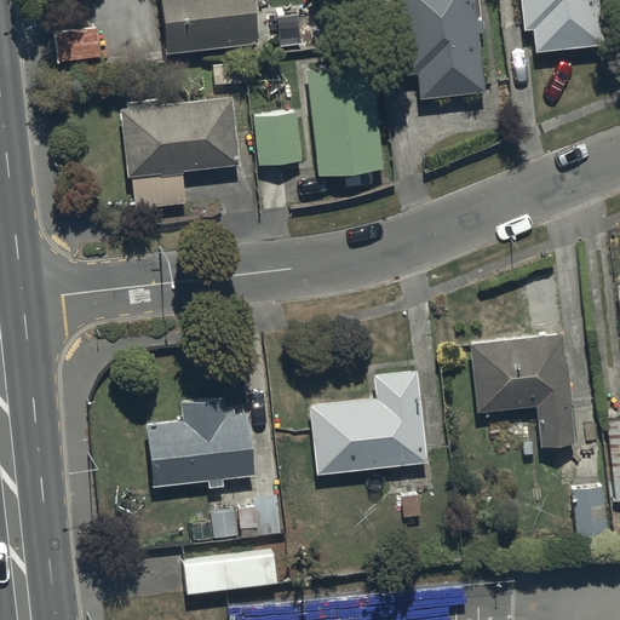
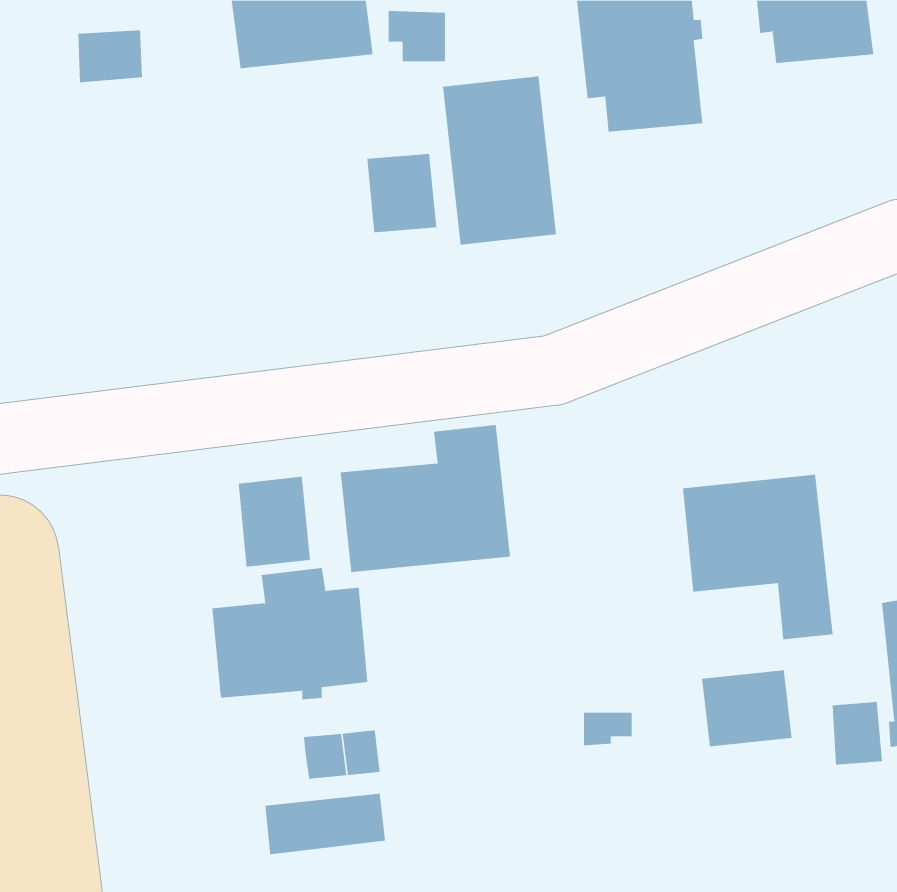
building: [121,97,240,209] -> none
building: none -> [238,476,311,568]
building: [310,372,427,473] -> [340,424,511,573]
building: none -> [701,669,792,747]

